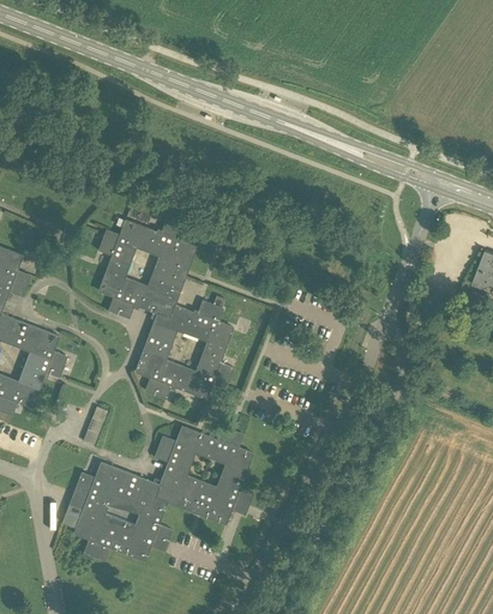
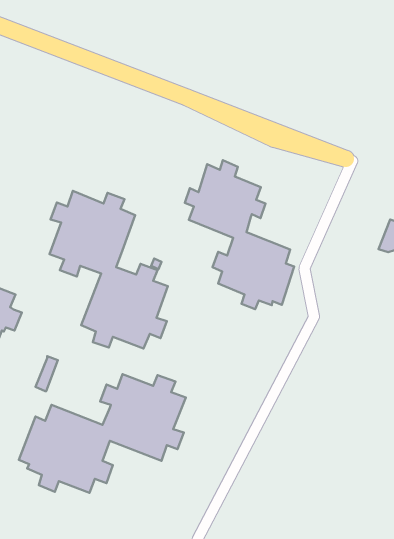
building: none -> [185,160,294,309]

